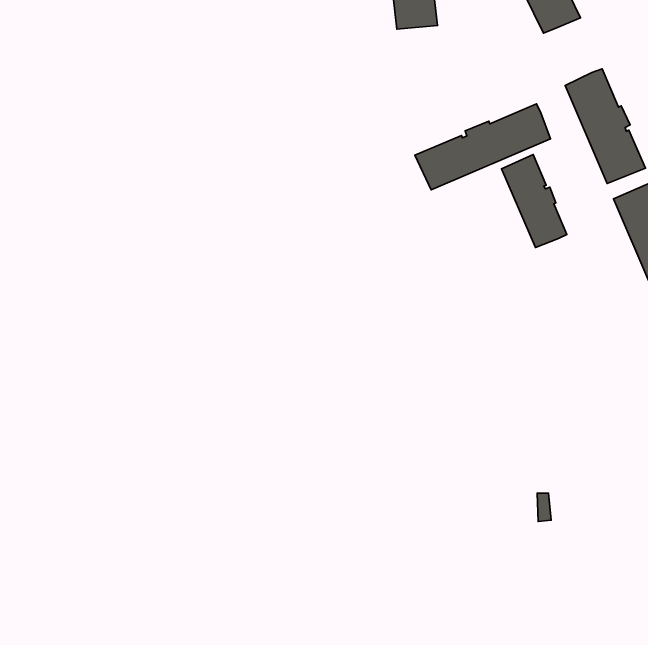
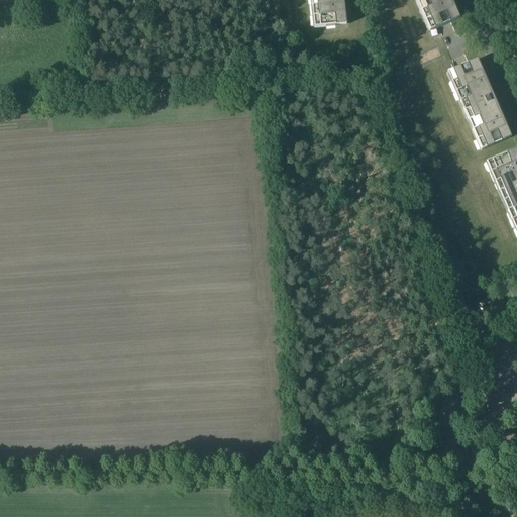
building: [415,104,550,190] -> none
building: [502,154,567,247] -> none

